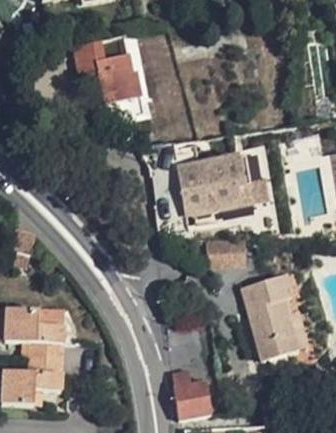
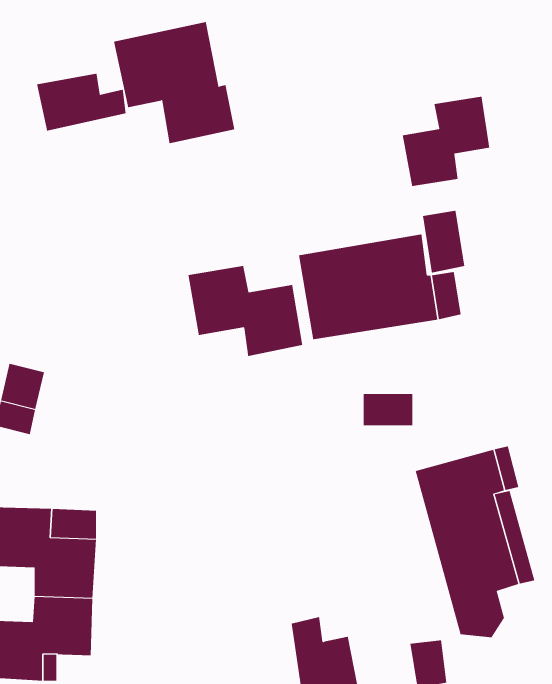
building: none -> [36,73,126,132]
building: none -> [402,96,490,187]
building: none -> [188,265,303,357]

